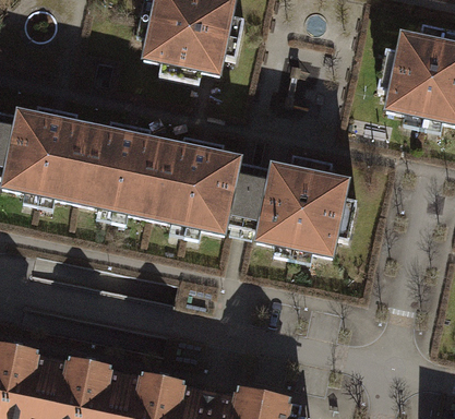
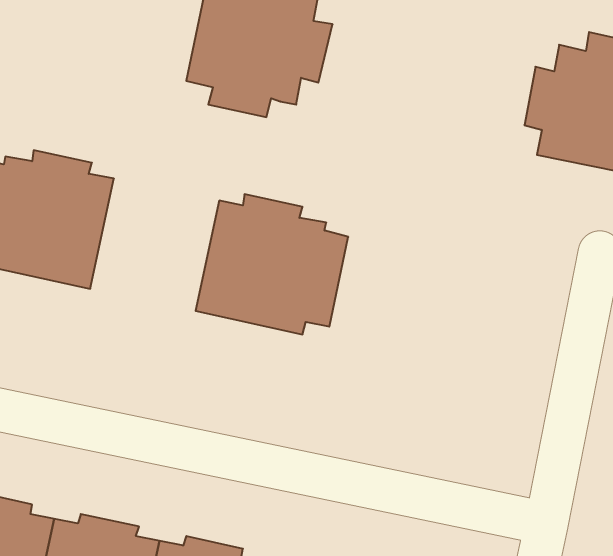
building: [76,121,166,217] -> none
building: [242,155,357,255] -> none

